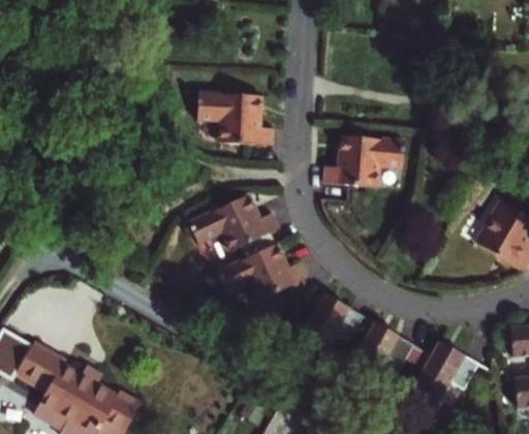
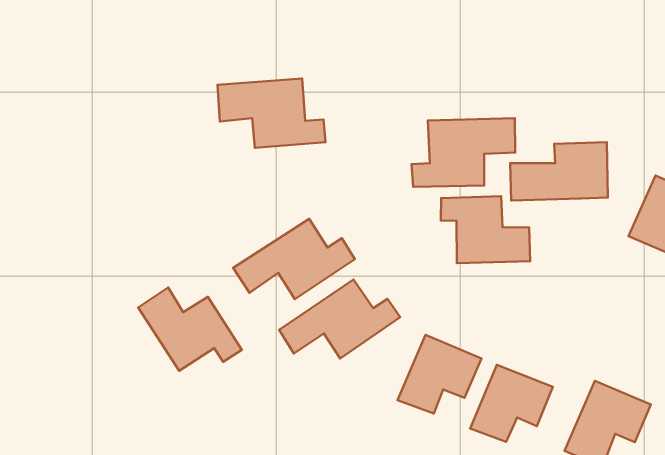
building: none -> [510,142,608,200]
building: none -> [441,196,530,263]
building: none -> [138,287,242,371]

